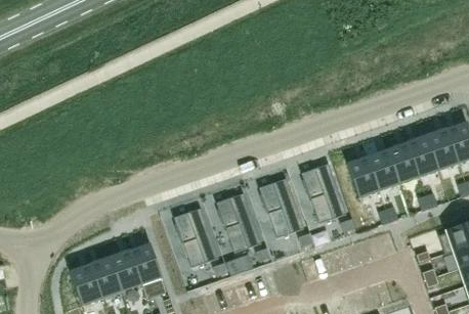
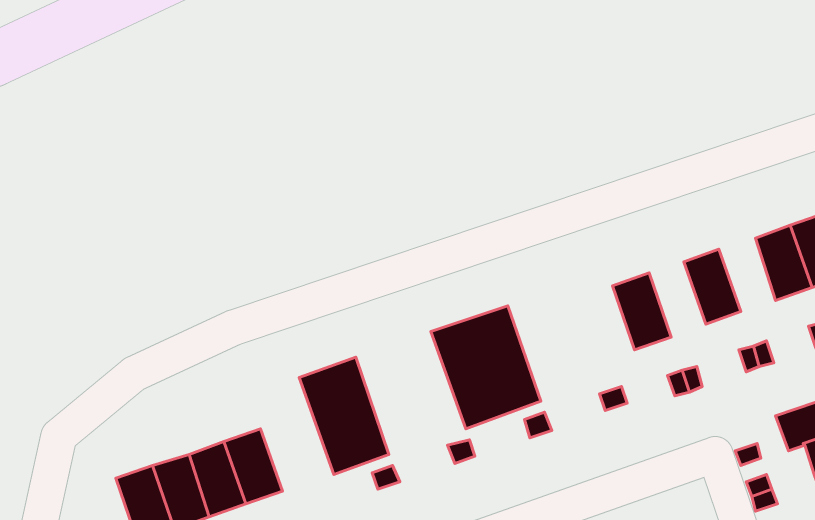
building: [407,136,438,177] -> none
building: [368,149,399,191] -> none
building: [289,161,346,227] -> none
building: [204,188,265,257] -> none

